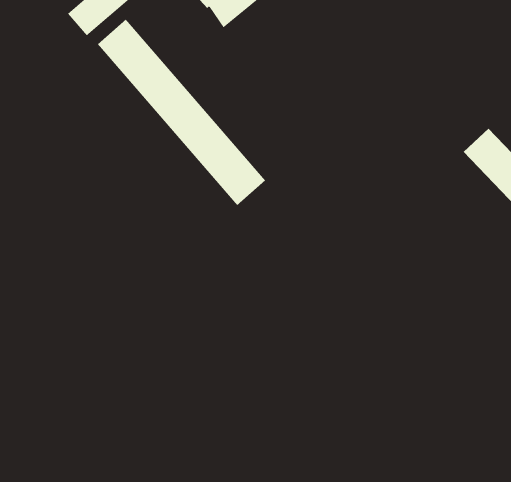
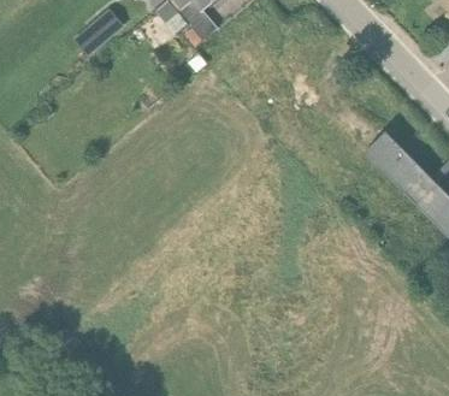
building: [97,19,266,206] -> none

